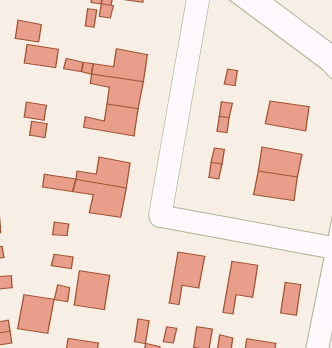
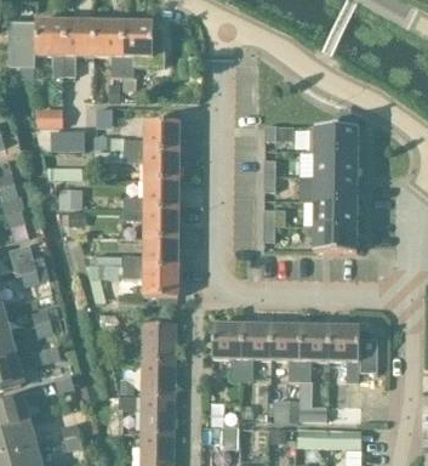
building: none -> [309,125,359,153]
building: none -> [314,175,358,201]
building: none -> [124,208,178,238]
building: none -> [142,322,176,359]
building: none -> [212,323,242,379]
building: none -> [270,324,301,380]
building: none -> [329,325,359,381]
building: [17,295,54,333] -> [141,396,175,432]

